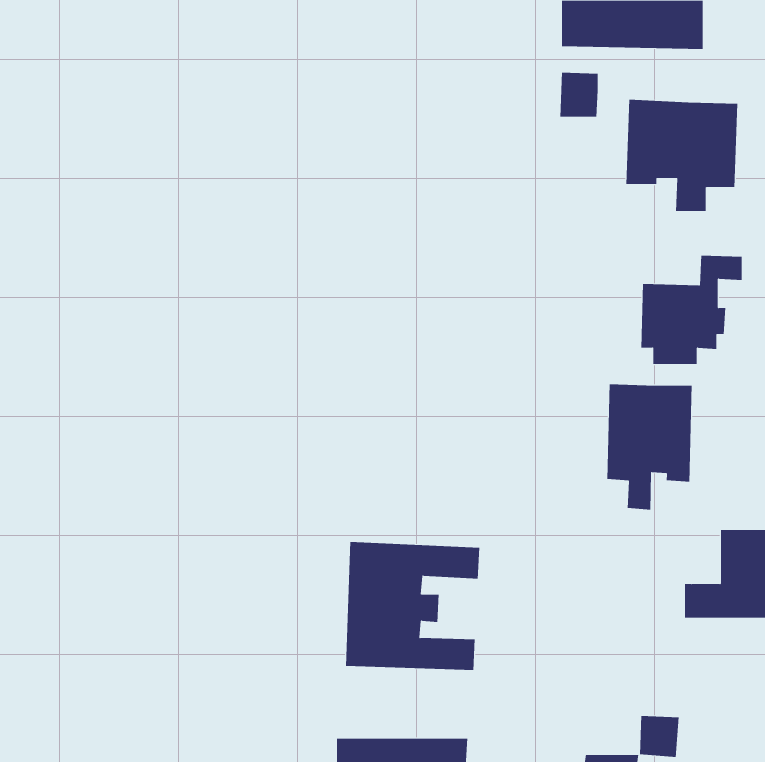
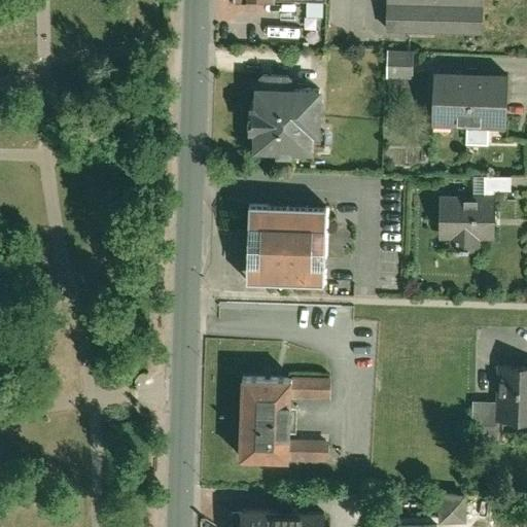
building: none -> [245,82,319,155]
building: none -> [244,203,327,290]
building: [607,384,692,510] -> none

